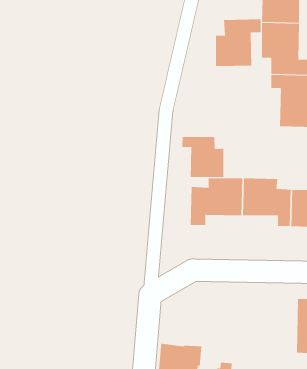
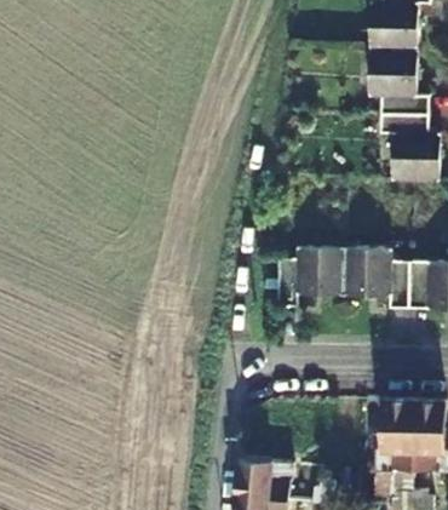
building: [215,18,261,67] -> none
building: [182,136,224,178] -> none
building: none -> [375,401,415,474]

